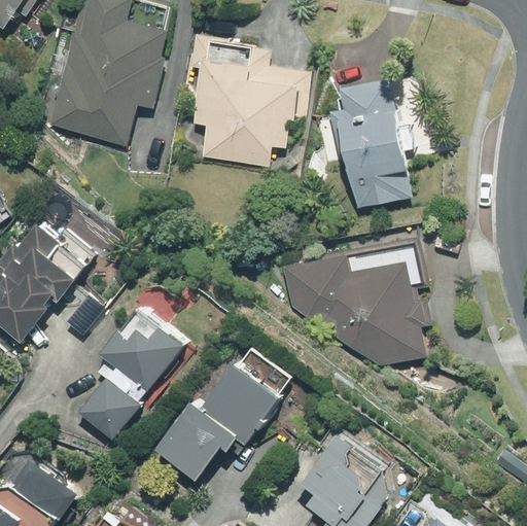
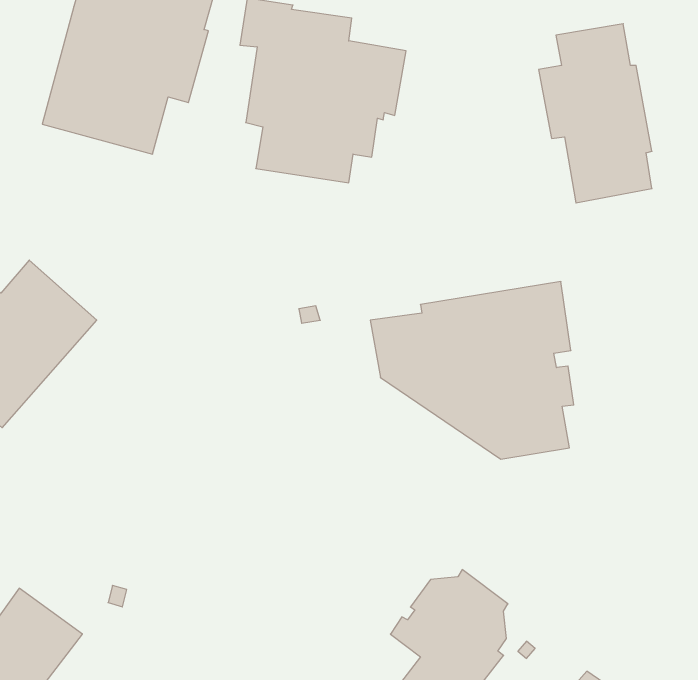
building: [329,79,411,208] -> [539,24,652,203]
building: [78,307,184,440] -> none
building: [154,359,281,479] -> none

